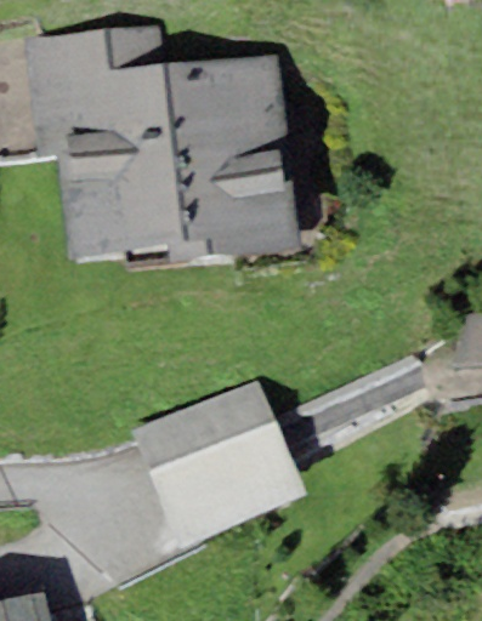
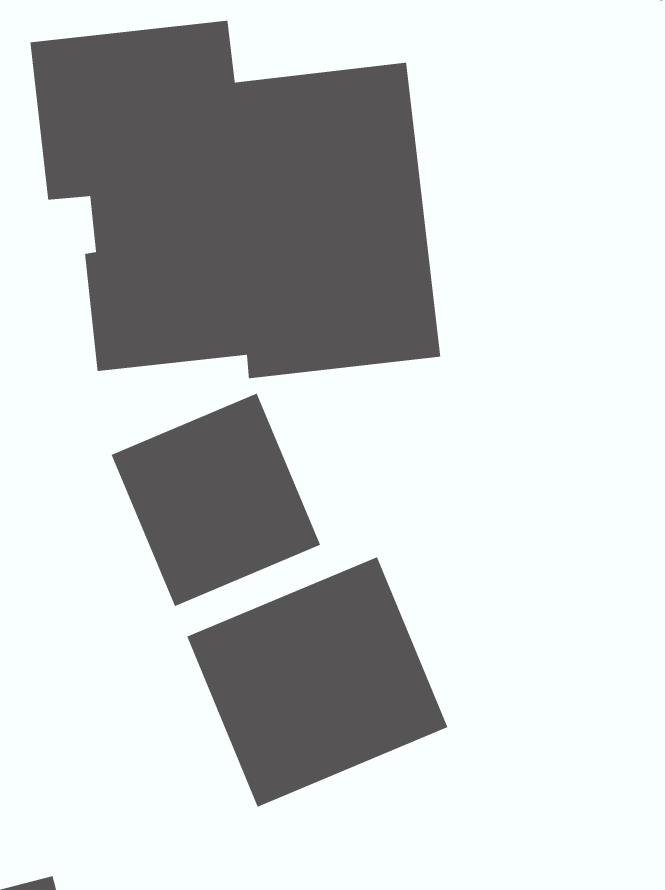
building: none -> [111,393,321,607]

